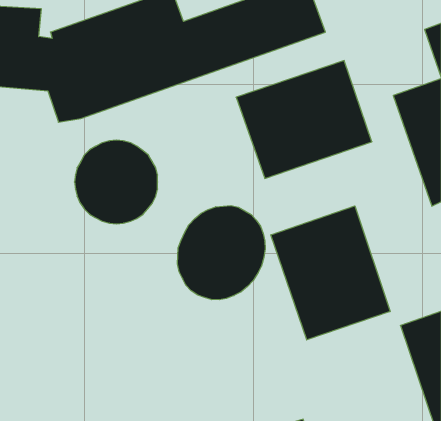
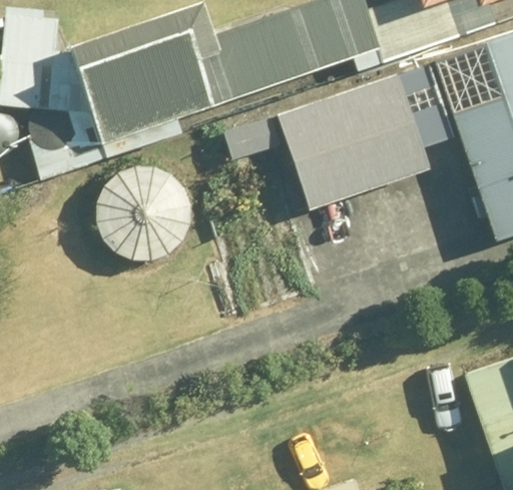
building: [177,206,265,300] -> none
building: [271,206,390,340] -> none

